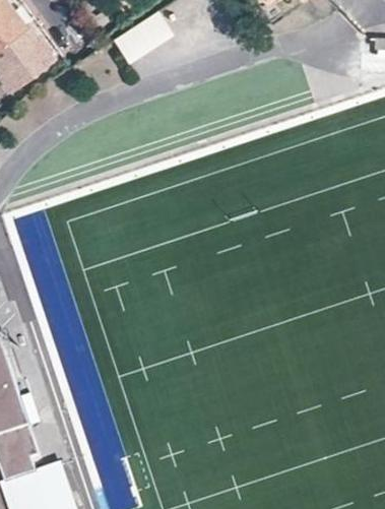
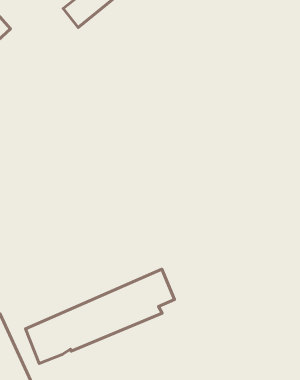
building: none -> [26,269,175,363]

